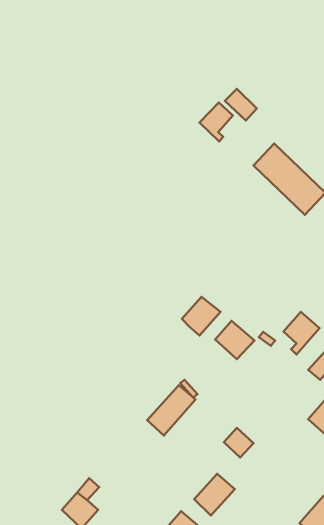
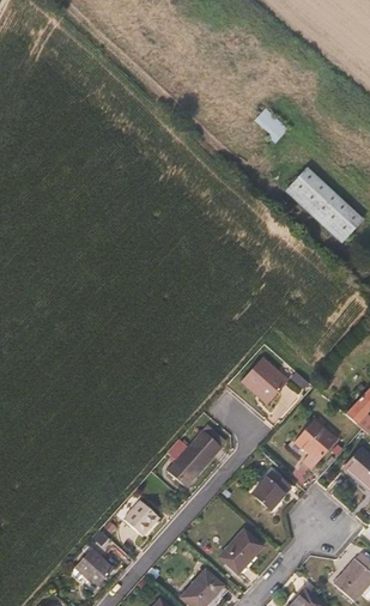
building: [199,102,233,141] -> none
building: [182,297,220,335] -> none
building: [283,312,319,355] -> [296,420,335,467]
building: none -> [125,502,158,535]

